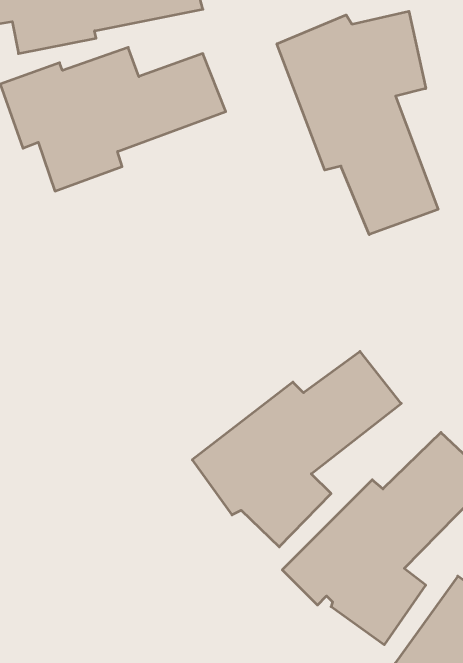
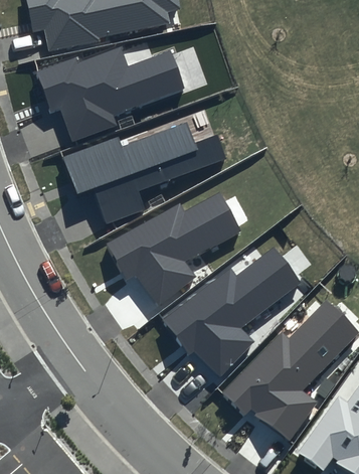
building: [277,11,438,235] -> none
building: none -> [61,122,224,224]
building: none -> [111,189,245,301]

